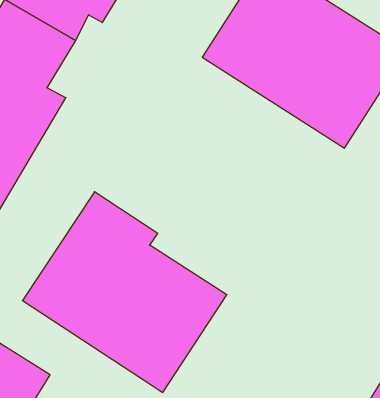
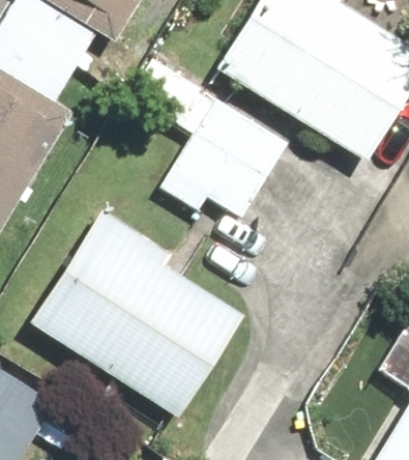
building: none -> [156,94,289,218]

